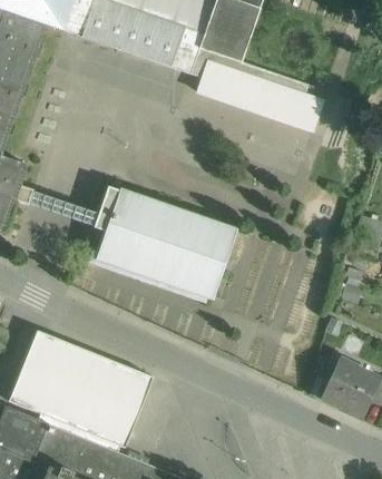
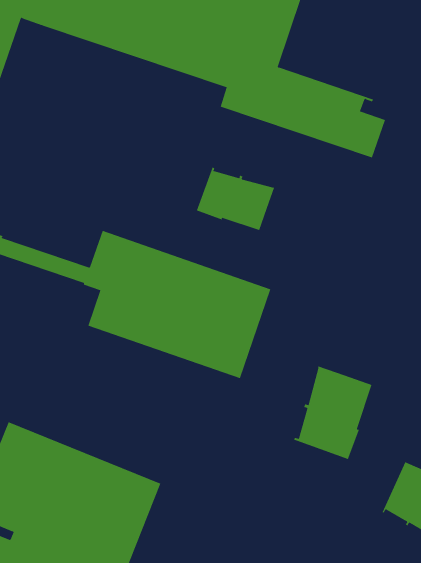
building: none -> [196,166,275,231]
building: none -> [293,365,372,460]

